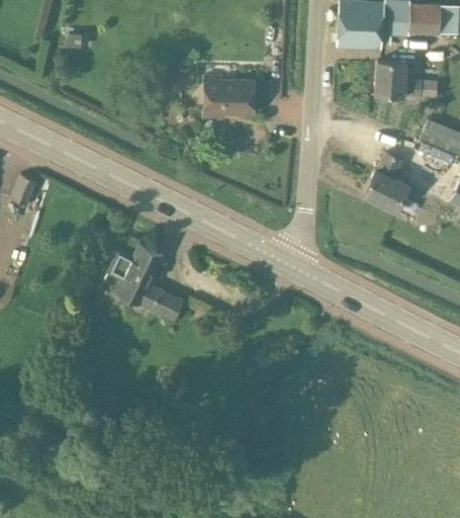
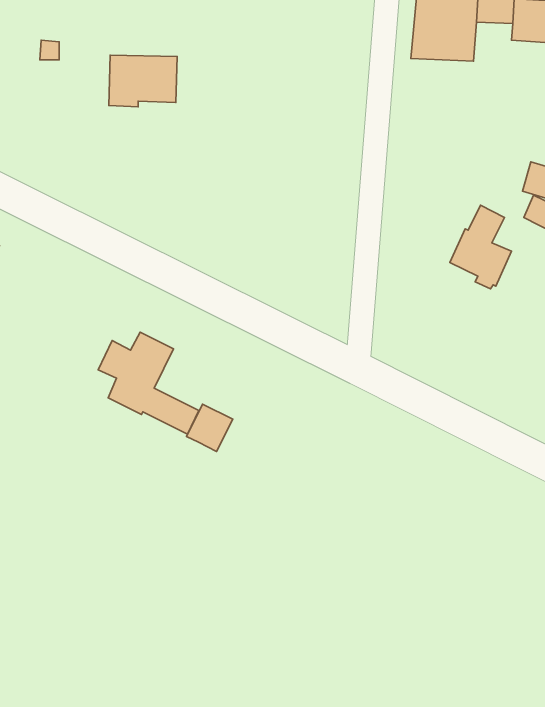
building: [375,61,421,96] -> none
building: [204,80,254,117] -> [109,55,177,107]
building: none -> [186,404,233,452]

